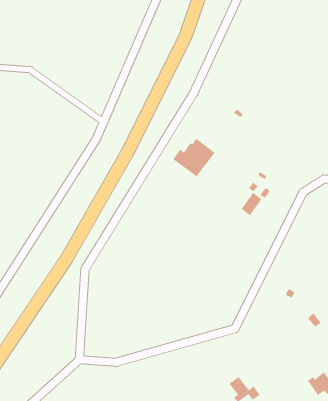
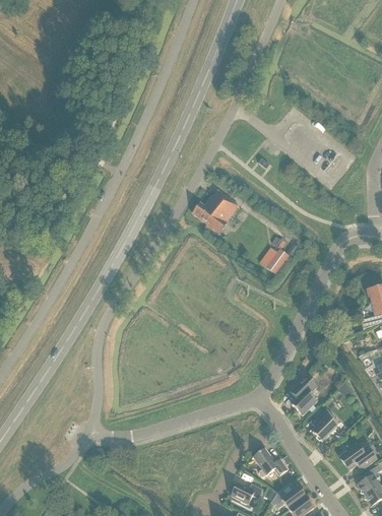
building: none -> [291,375,317,414]
building: none -> [312,407,336,441]

